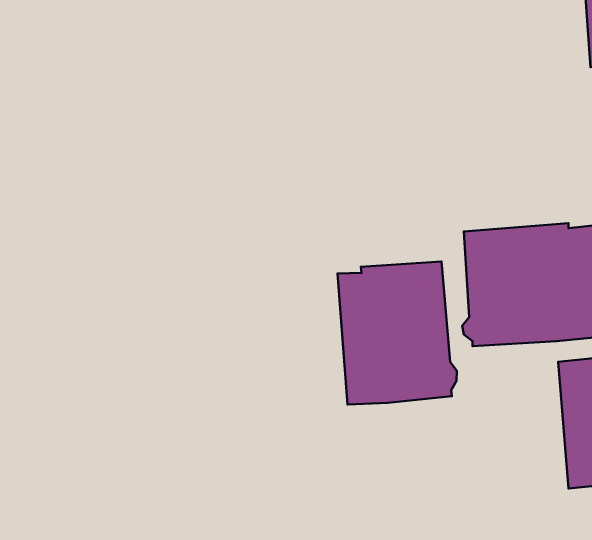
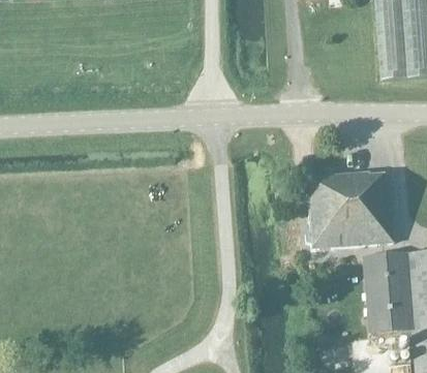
building: [338,261,457,404] -> none

